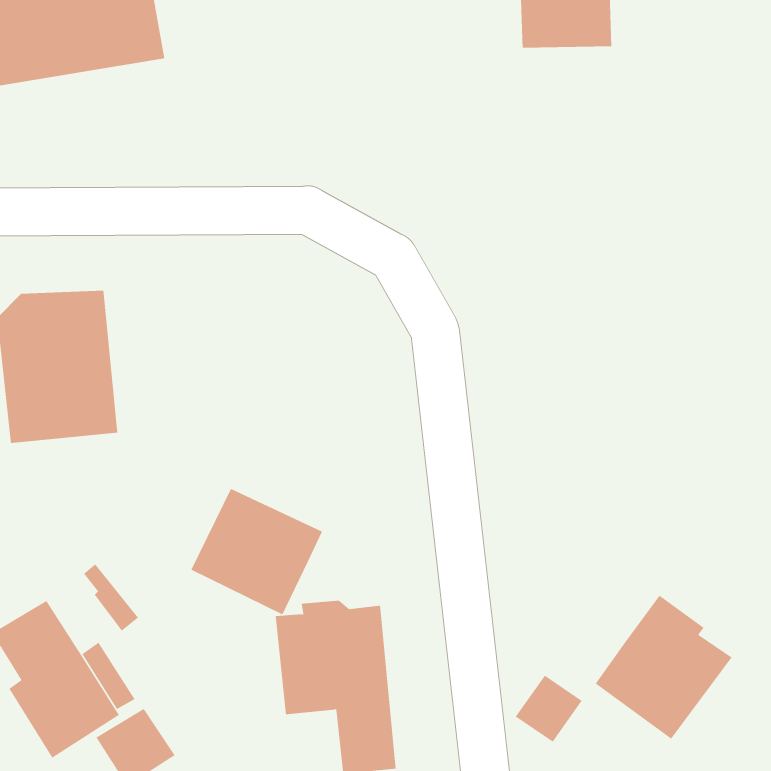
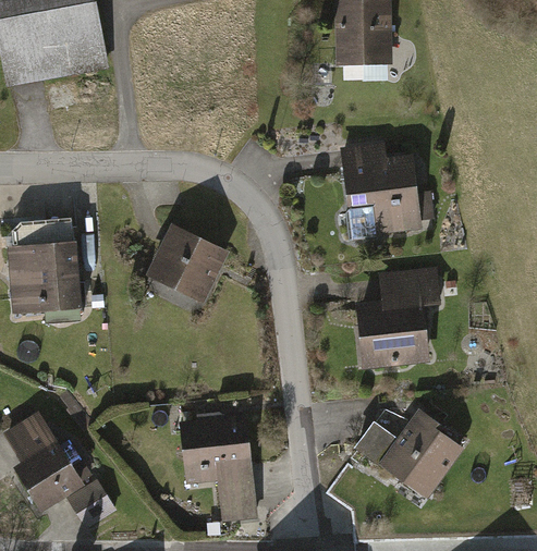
building: none -> [342,144,435,236]
building: none -> [355,266,441,368]
building: [191,488,323,615] -> [146,223,229,303]
building: [515,675,583,743] -> [355,421,398,464]

